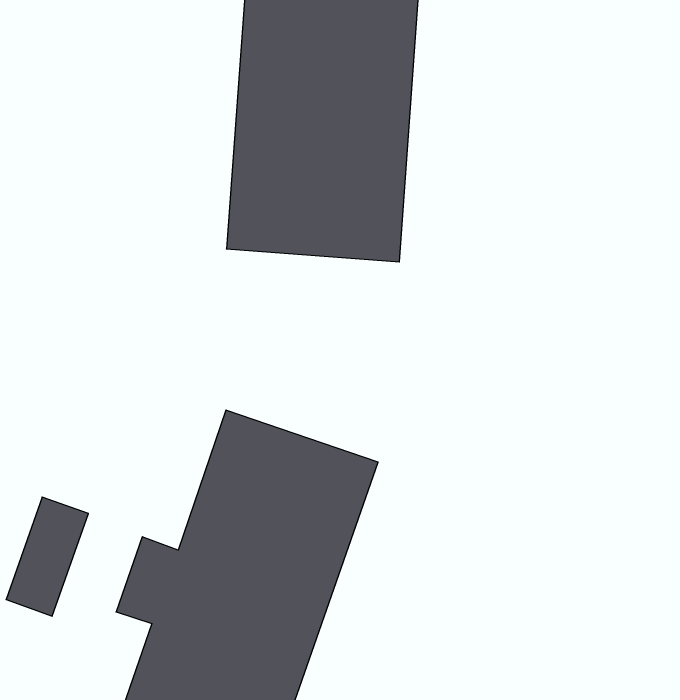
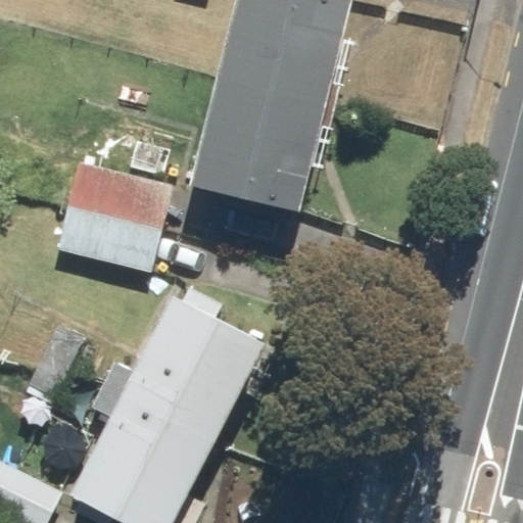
building: none -> [52,164,173,275]

